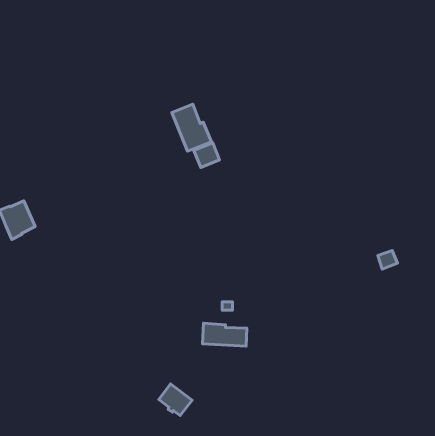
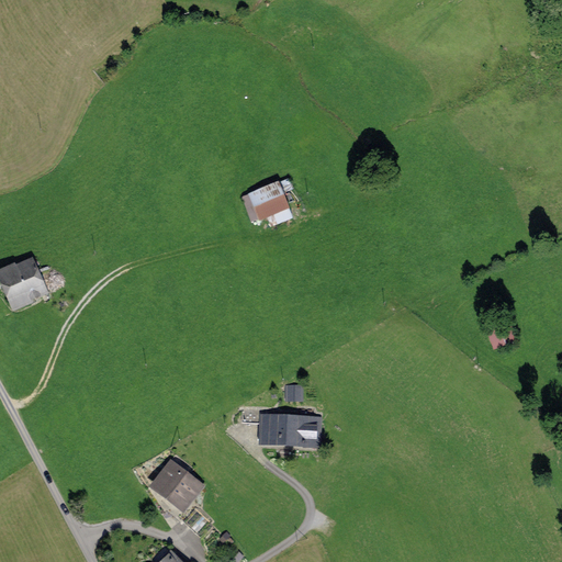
building: [172,104,212,151] -> none
building: [159,384,192,416] -> [154,465,196,506]

